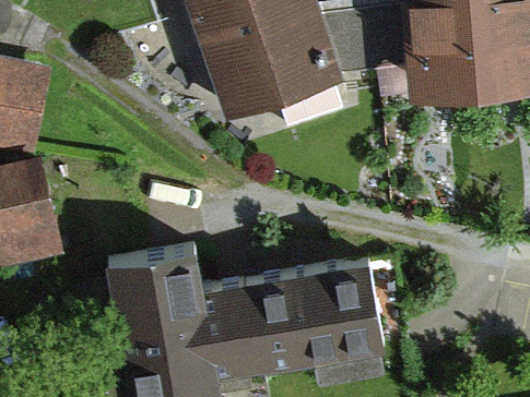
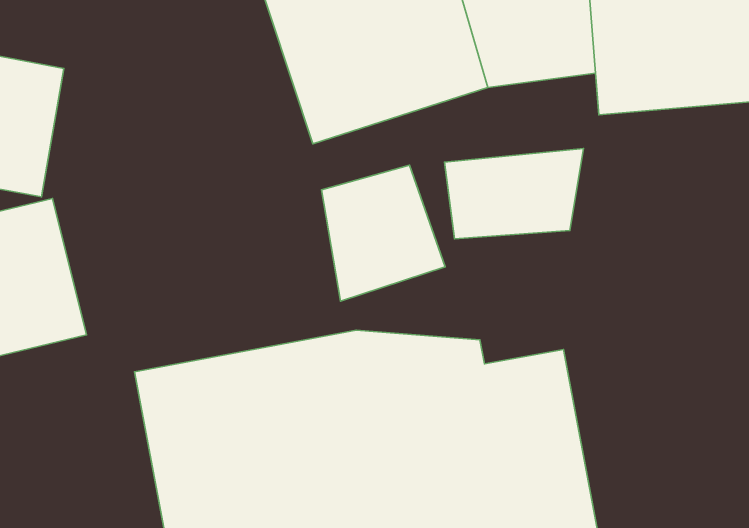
building: none -> [445,148,583,239]
building: none -> [322,165,445,301]

